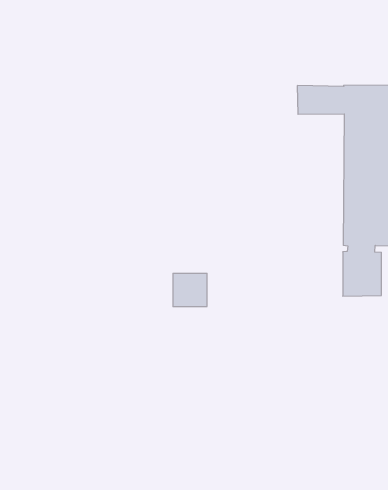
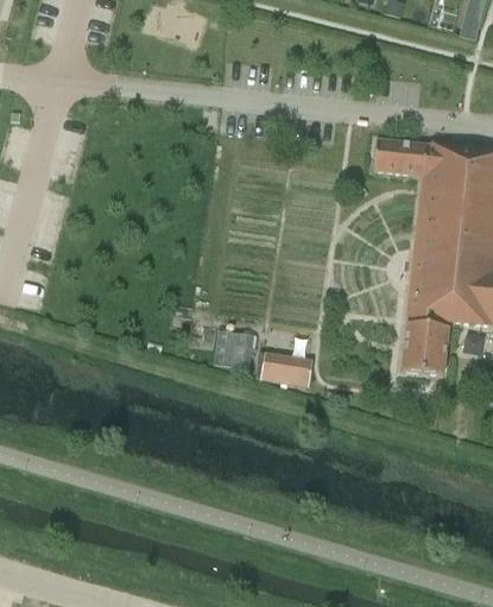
building: none -> [261,354,311,385]

